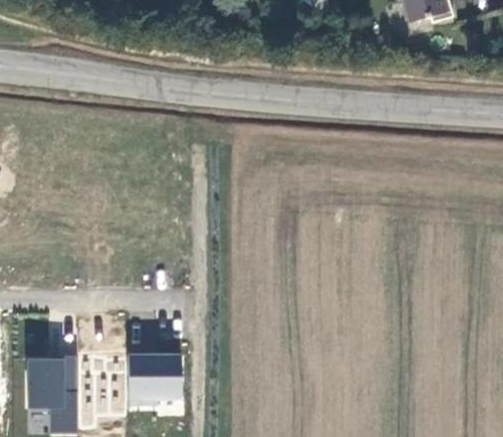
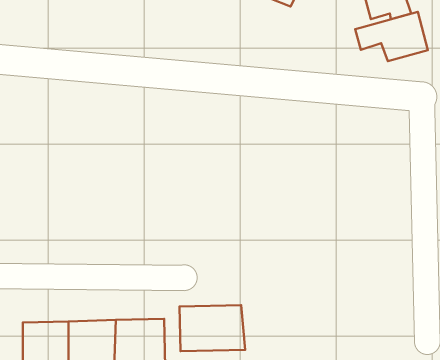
building: none -> [355,12,428,61]
building: none -> [180,305,245,351]

